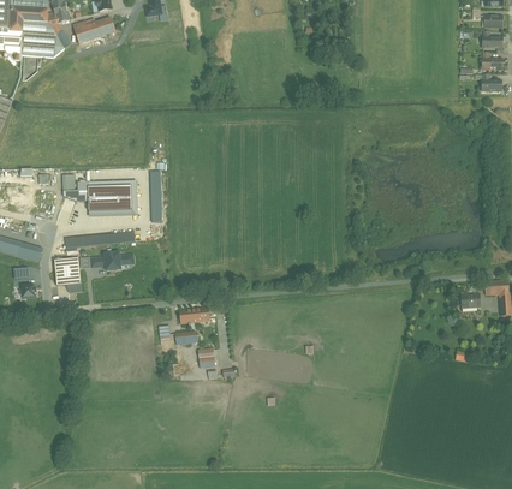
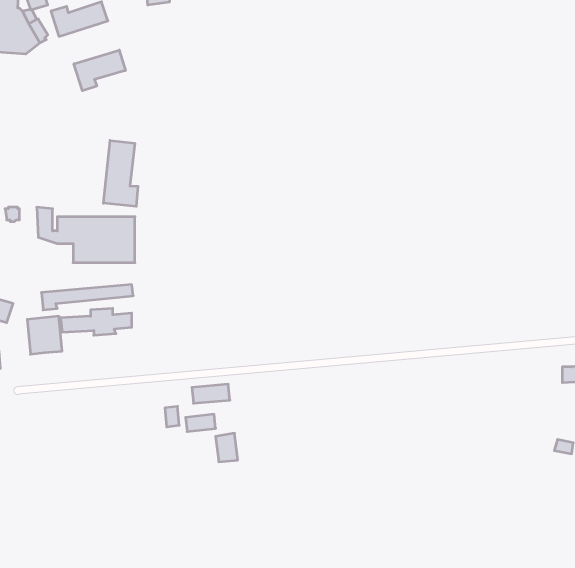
building: none -> [74,50,125,91]
building: none -> [103,140,138,206]

